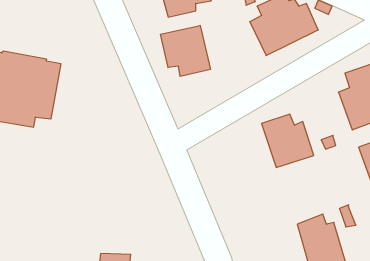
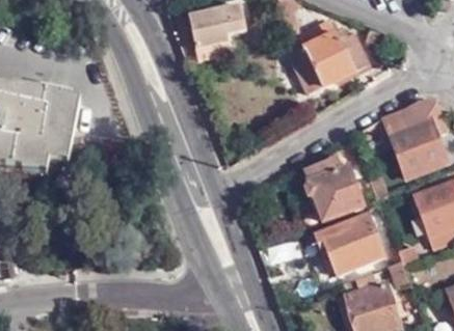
building: [160,25,210,76] -> none
building: none -> [311,215,384,279]

